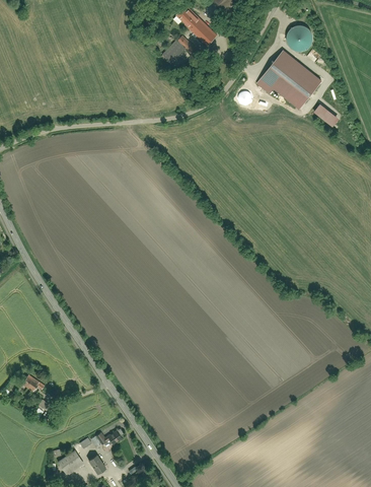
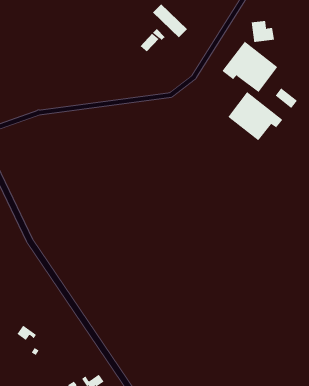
building: none -> [228,91,283,141]

